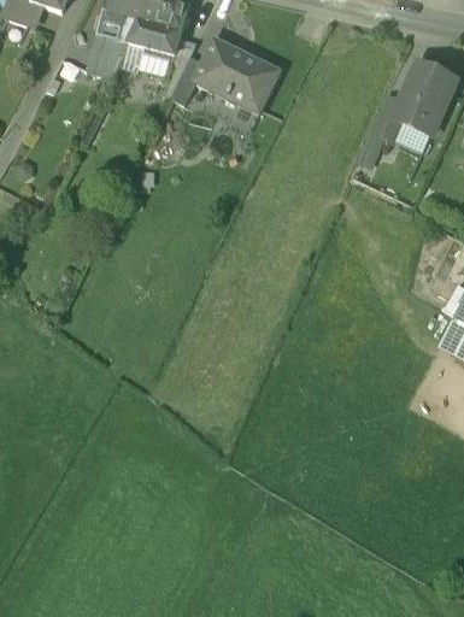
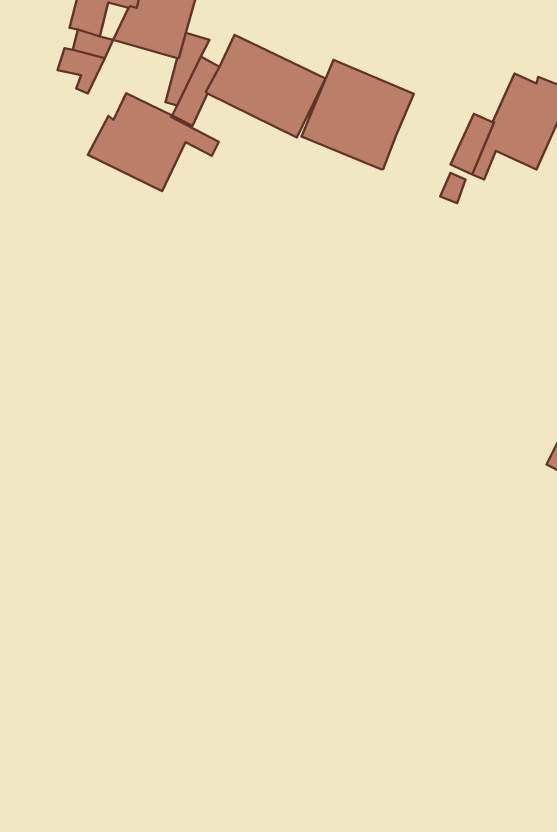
building: none -> [301,60,414,169]
building: none -> [88,93,219,191]

